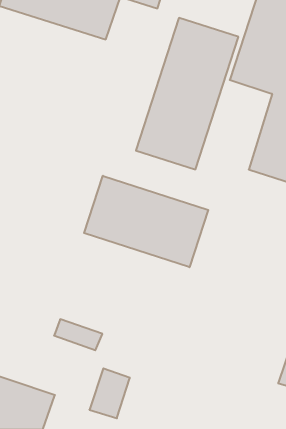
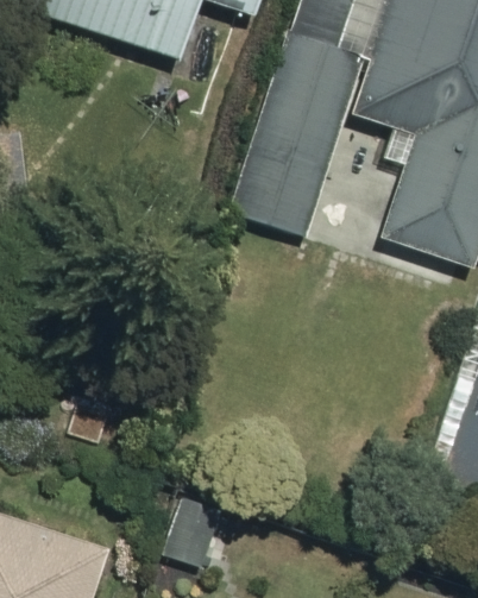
building: [84,176,208,267] -> none

